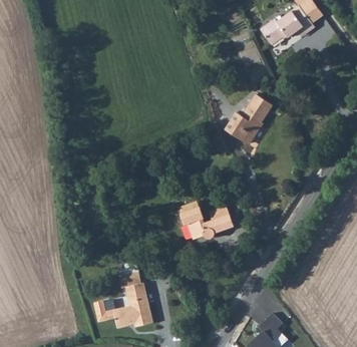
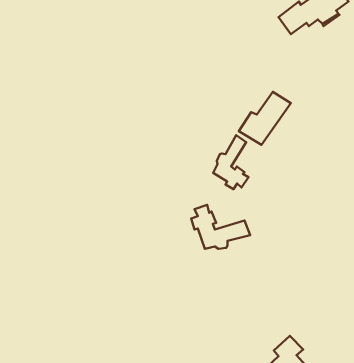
building: none -> [213,135,249,189]
building: [91,271,152,327] -> none

